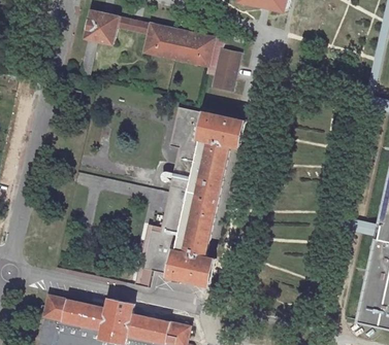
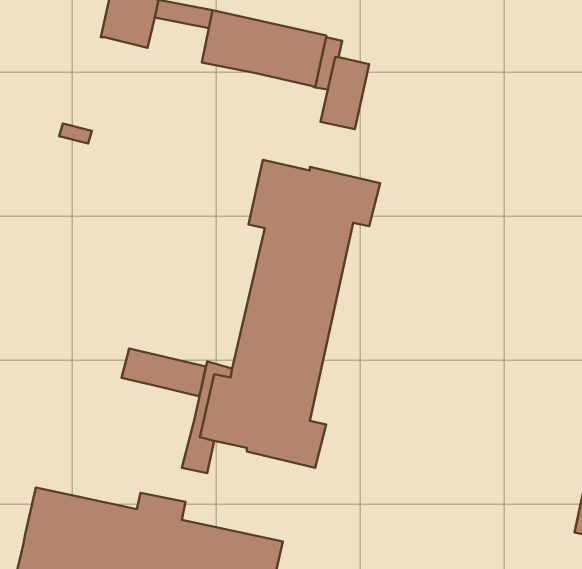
building: none -> [122,348,206,396]

